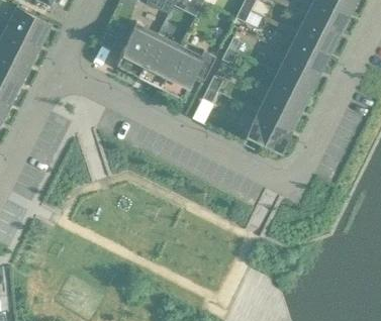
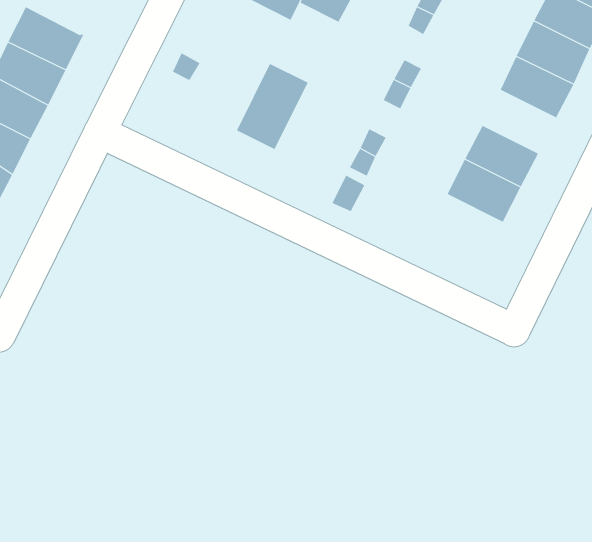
building: [116,27,157,77] -> none
building: [160,49,216,97] -> none
building: [278,54,320,90] -> none
building: [248,113,290,148] -> none

